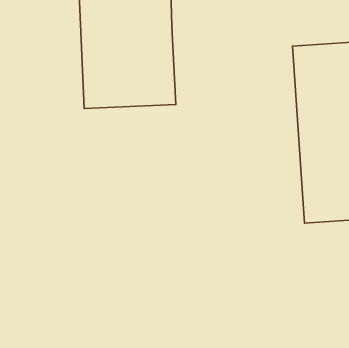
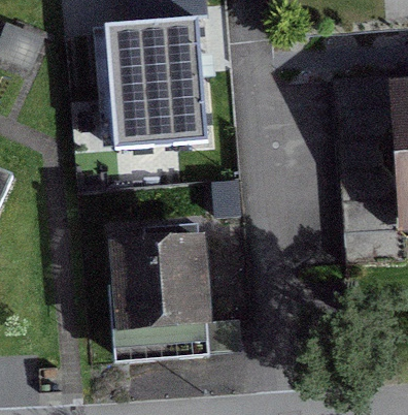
building: none -> [112,223,205,358]

